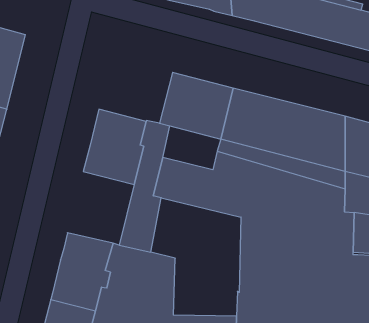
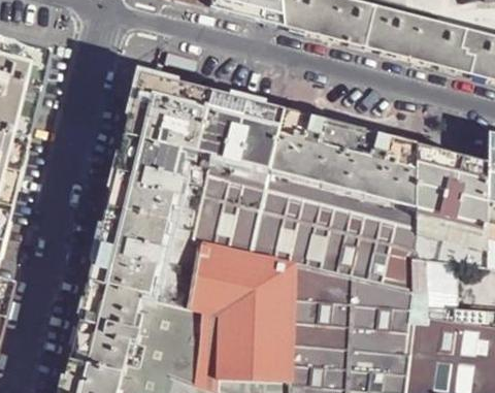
building: none -> [127,75,213,153]
building: none -> [202,156,270,207]
building: none -> [90,209,168,296]
building: none -> [188,240,294,380]

